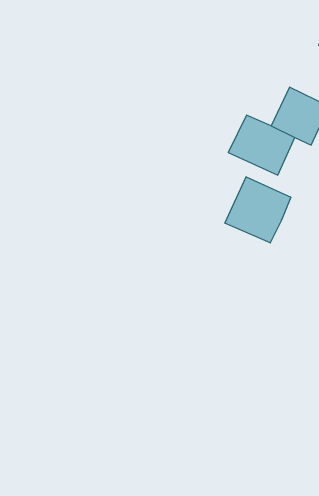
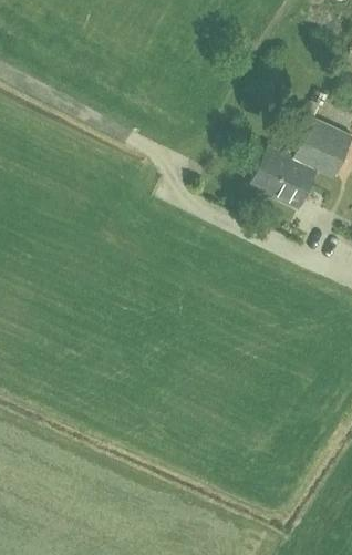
building: [225,177,291,243] -> none

